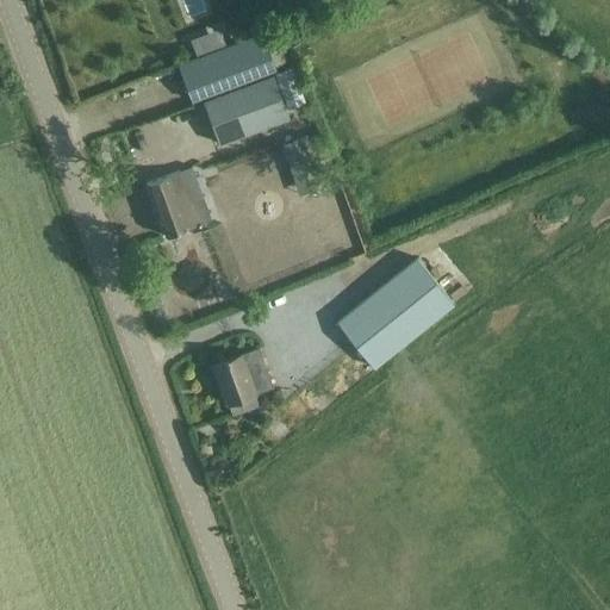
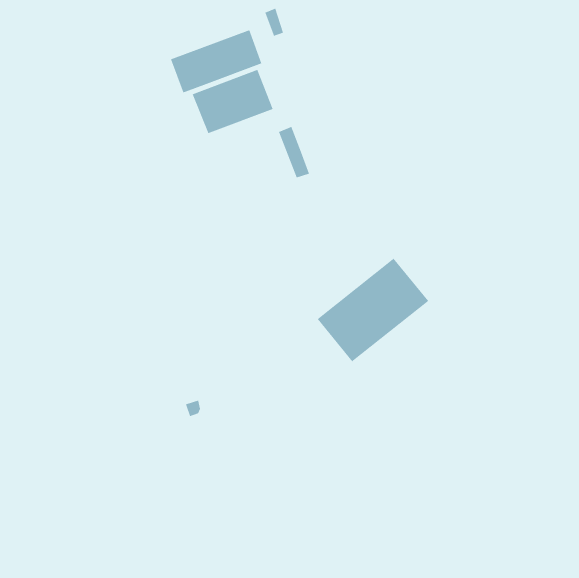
building: [145,168,210,234] -> none
building: [212,346,270,411] -> none

